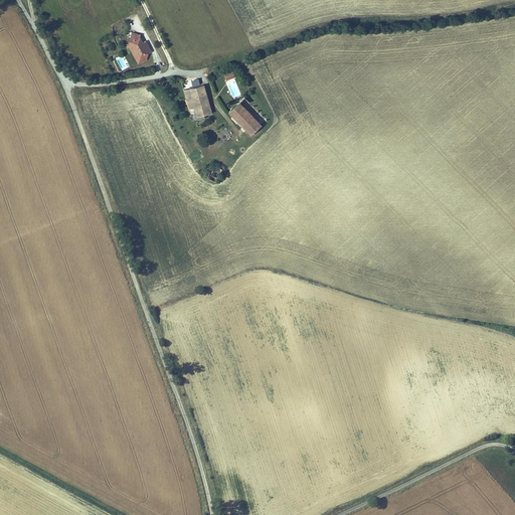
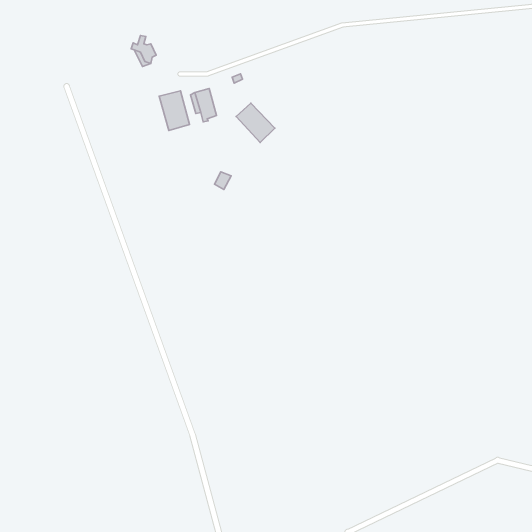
building: none -> [159,91,190,130]

